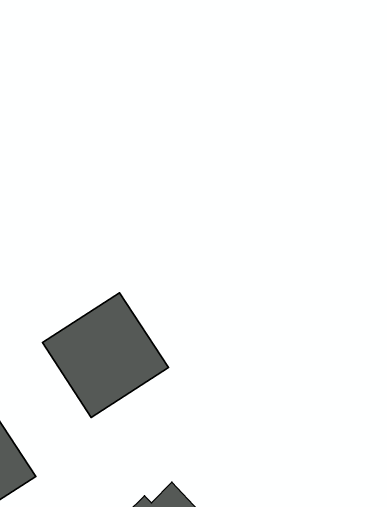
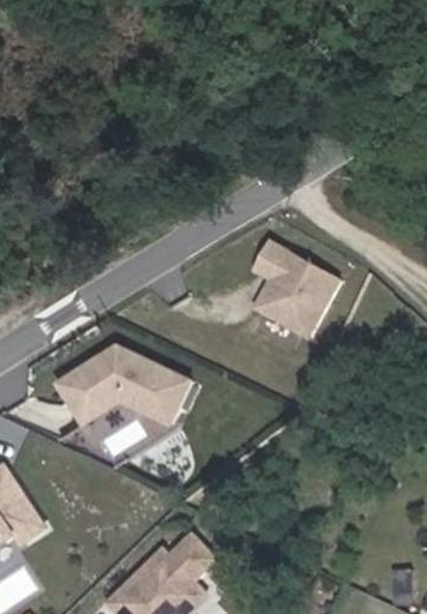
building: none -> [252,239,343,341]

